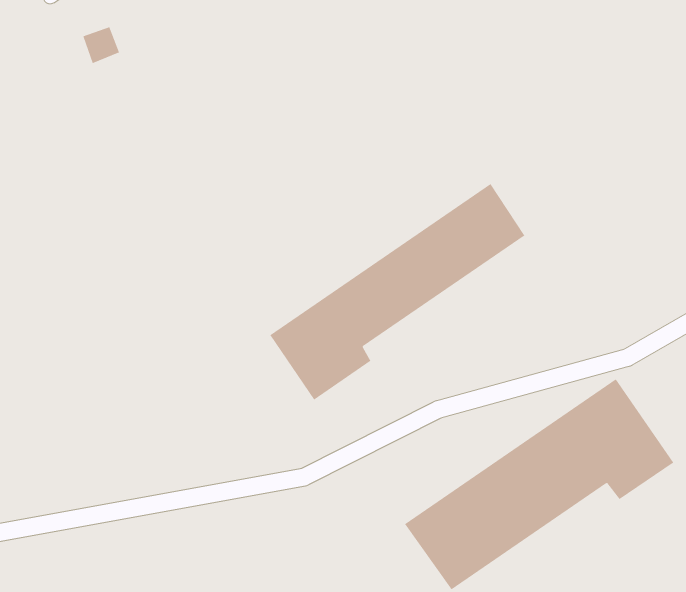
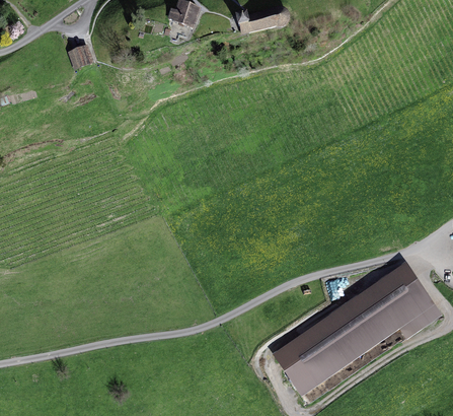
building: [270,183,525,401] -> none

